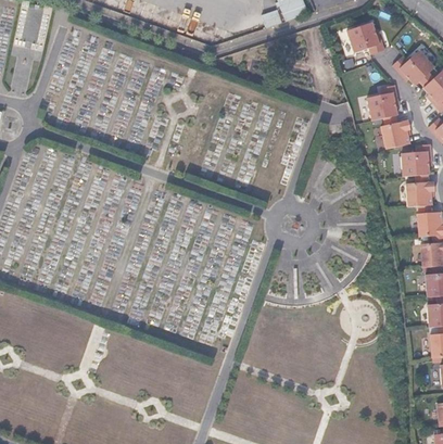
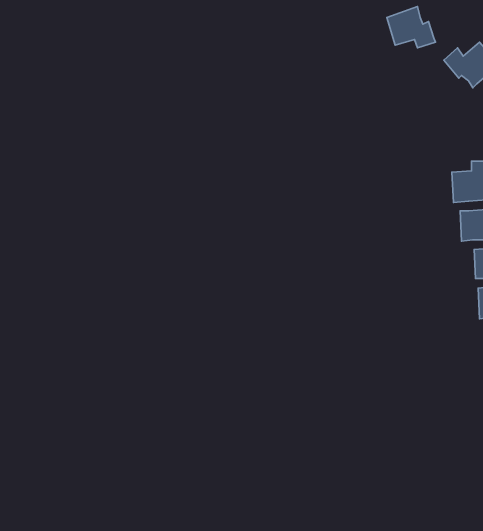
building: [368,85,398,120] -> none
building: [382,119,410,149] -> none

